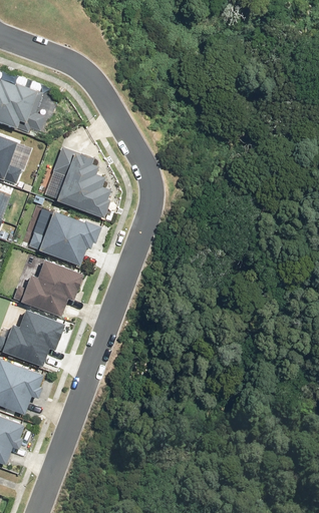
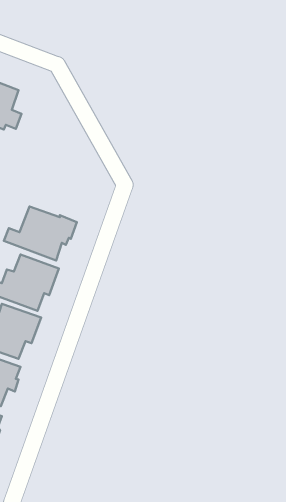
building: [51,146,111,218] -> none

